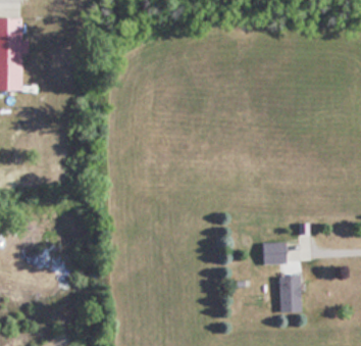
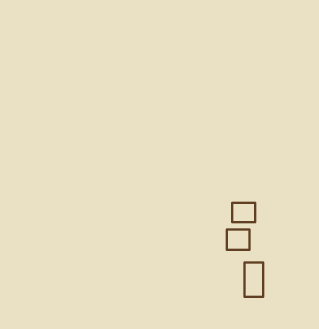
building: none -> [232,203,255,222]

